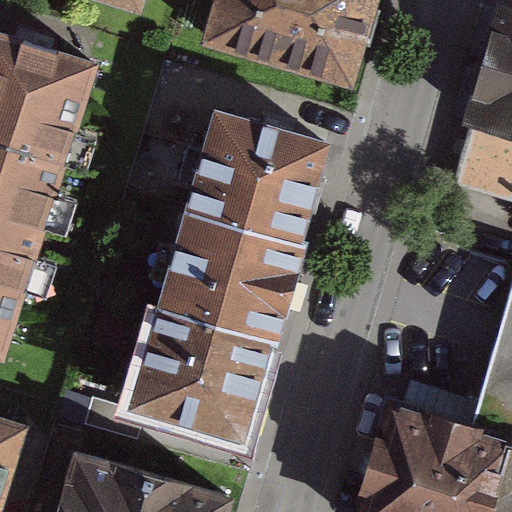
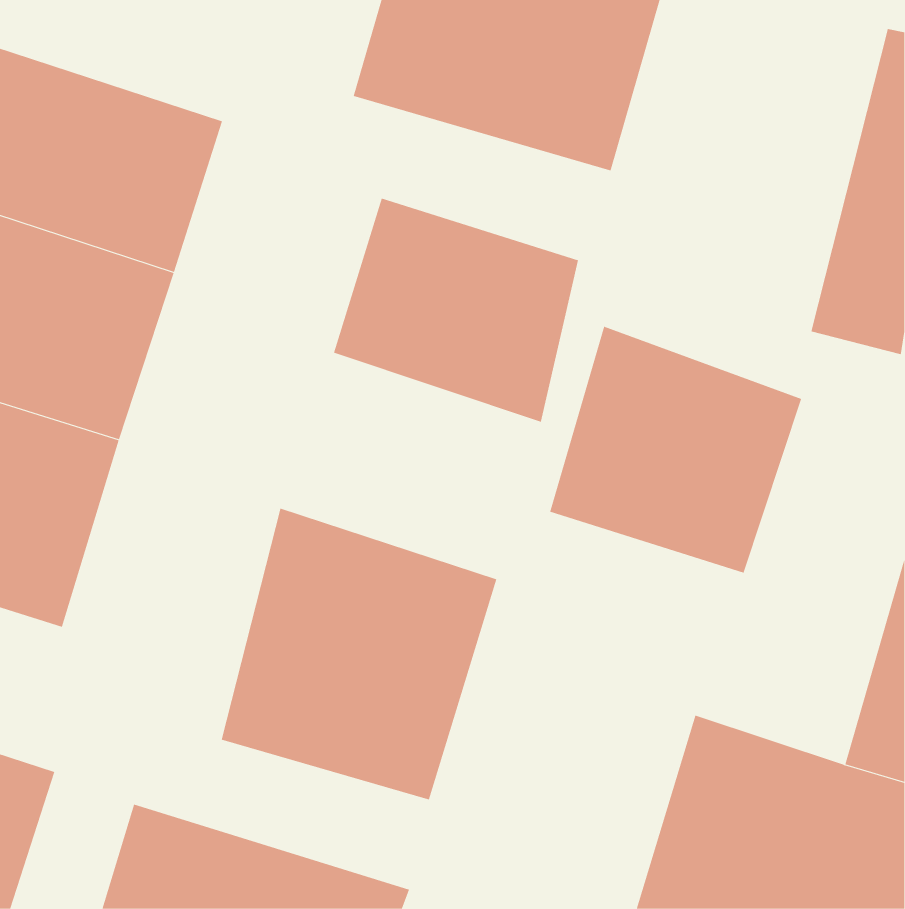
building: none -> [549,326,802,573]
building: [157,198,304,325] -> none

